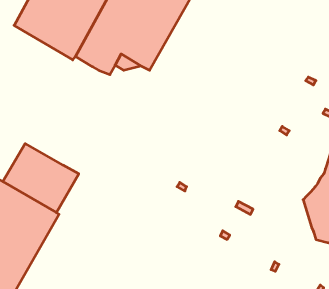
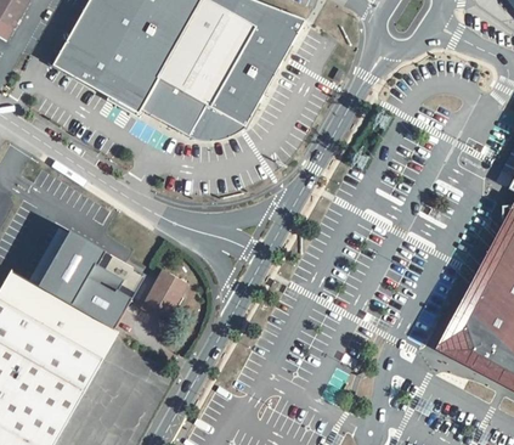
building: none -> [174,120,245,141]
building: none -> [141,269,186,319]
building: none -> [446,326,474,356]

